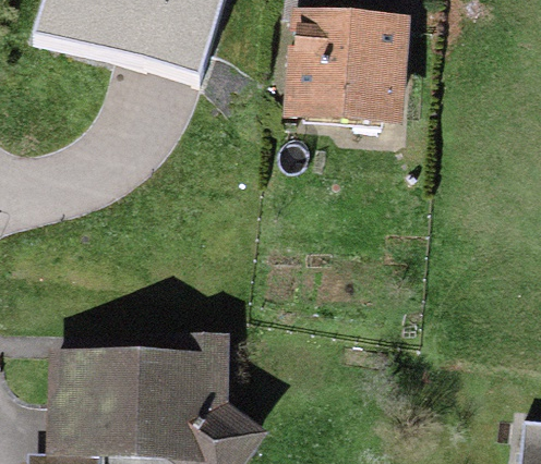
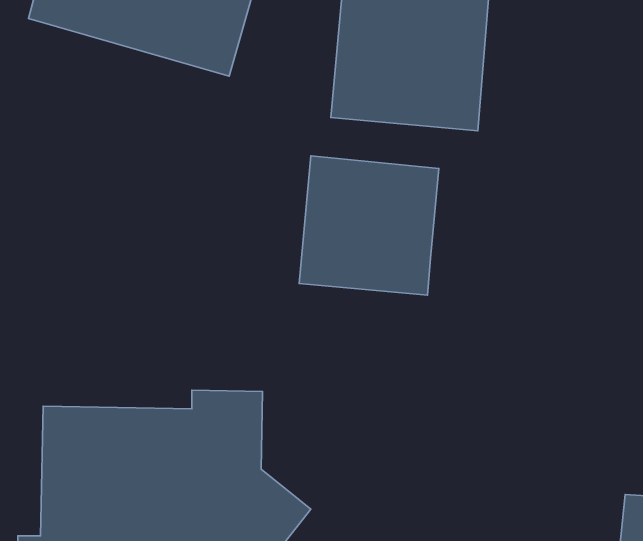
building: none -> [299,156,439,295]

